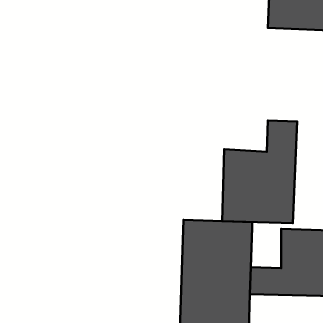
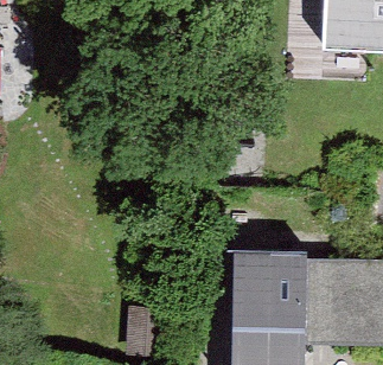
building: [222,121,297,223] -> none

